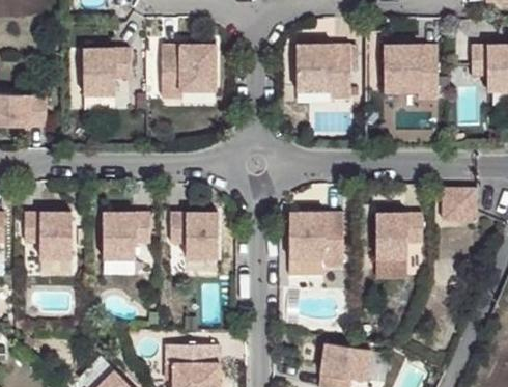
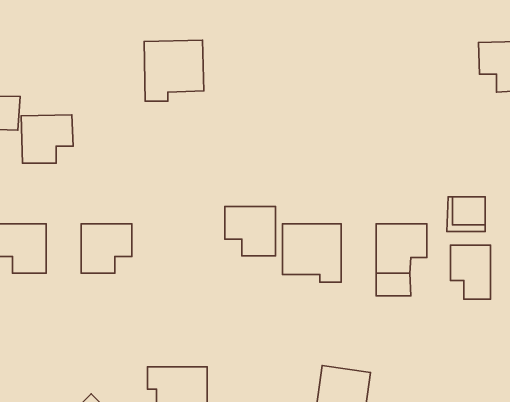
building: [295,46,350,100] -> none
building: [383,46,438,100] -> none
building: [83,51,131,95] -> [21,115,73,163]
building: [171,213,218,258] -> [225,206,276,256]
building: none -> [451,245,490,299]

